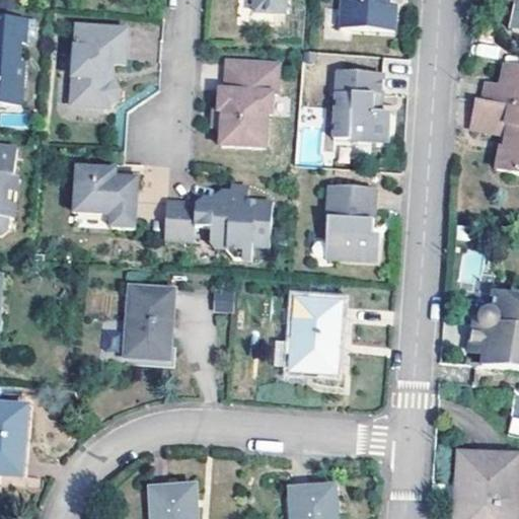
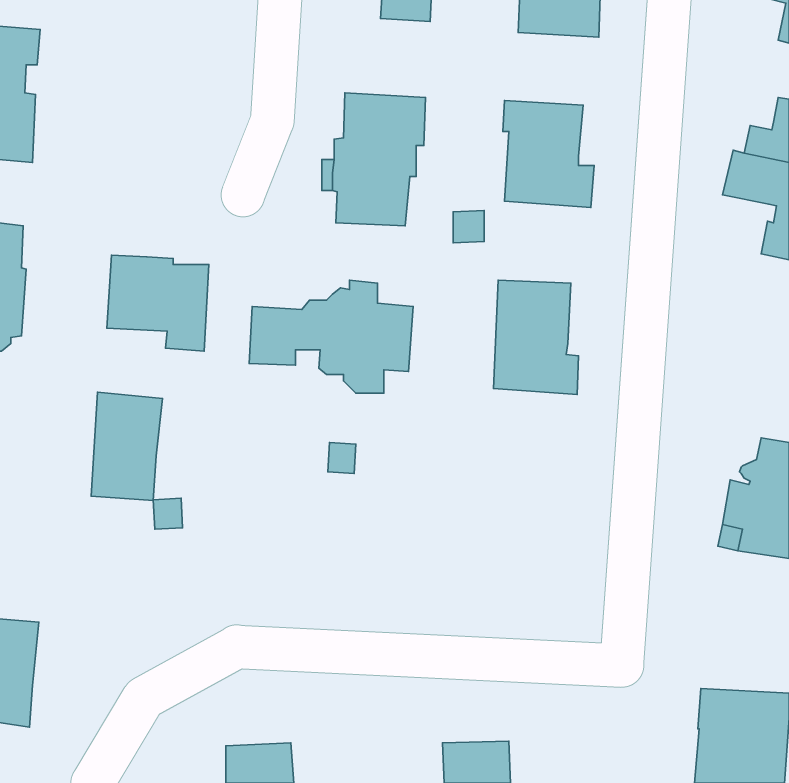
building: [70,17,126,98] -> none
building: [125,290,171,361] -> [91,392,162,501]
building: [292,301,340,373] -> none

